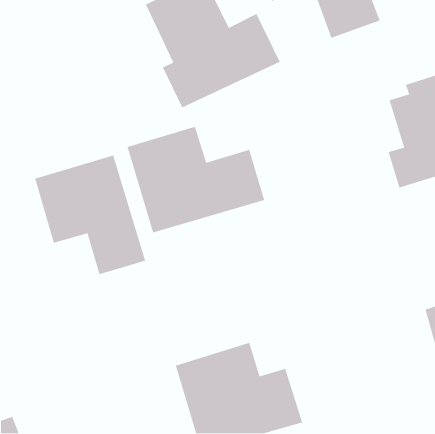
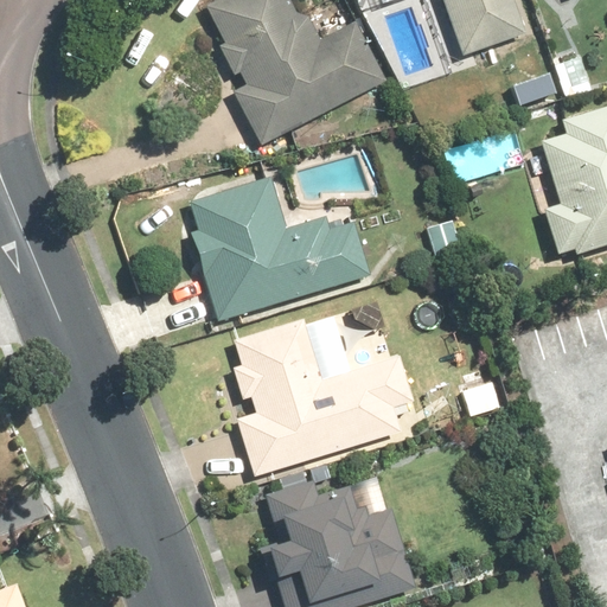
building: [34,154,146,275] -> none
building: none -> [230,307,432,479]

